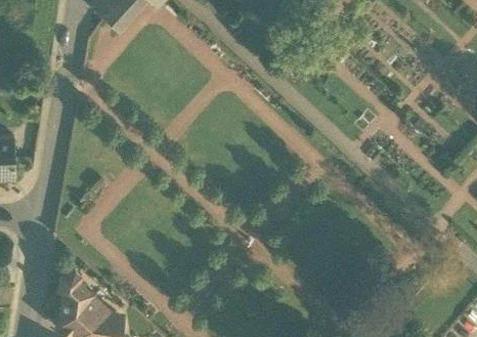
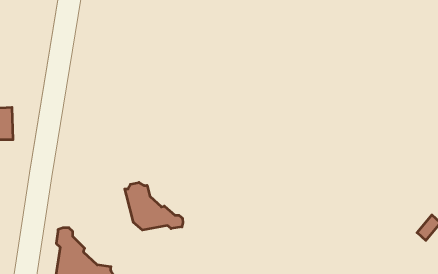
building: none -> [125,182,183,230]

